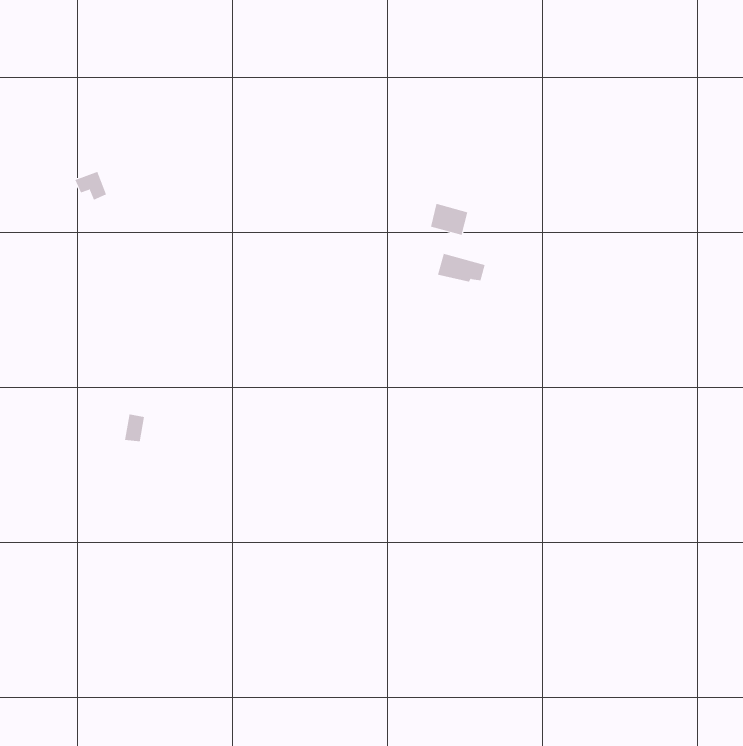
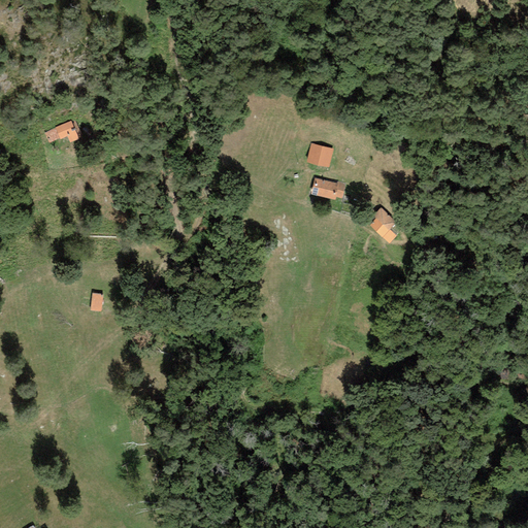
building: none -> [369,209,396,242]

